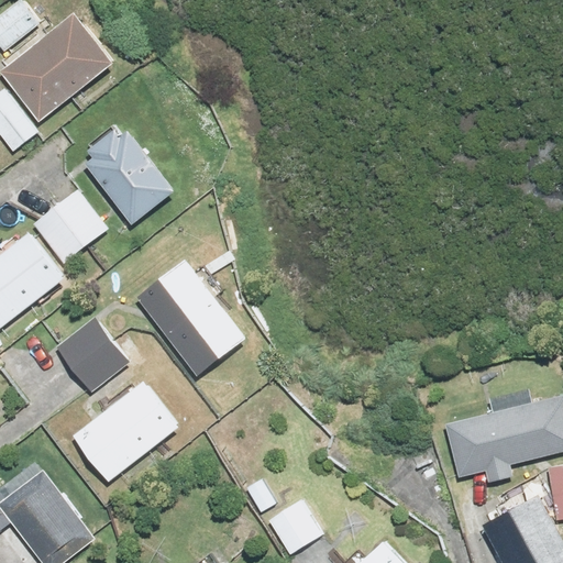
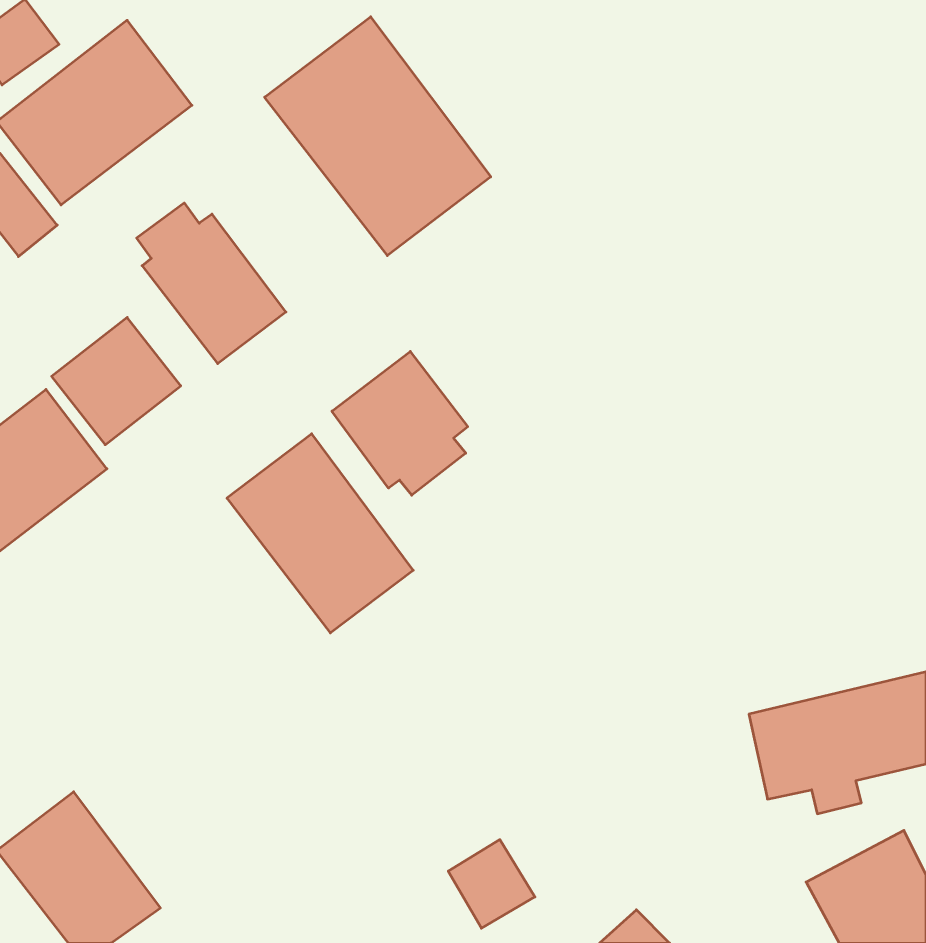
building: none -> [265,17,491,256]
building: none -> [332,351,468,495]
building: [54,317,130,394] -> none
building: [71,382,179,483] -> none

